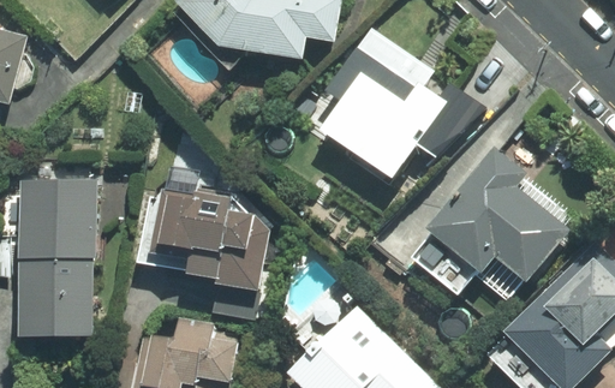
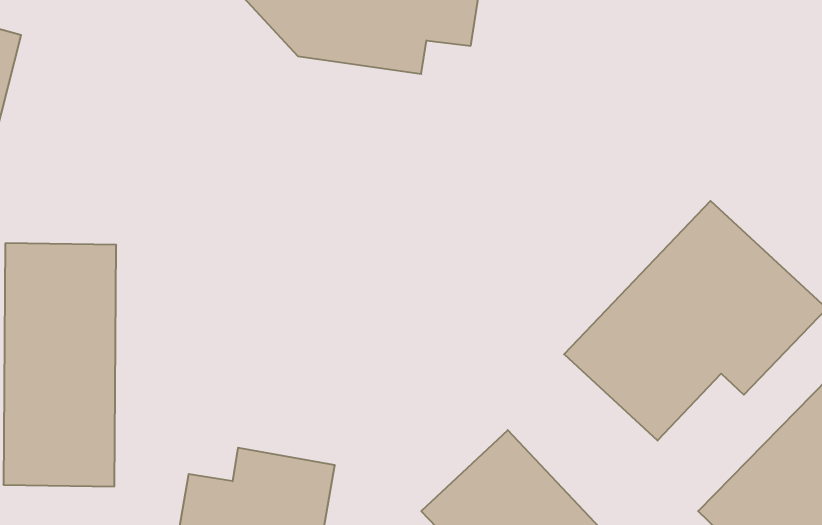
building: [301,26,462,201] -> none
building: [145,186,269,289] -> none

